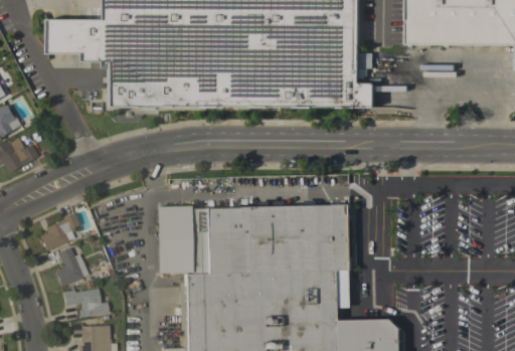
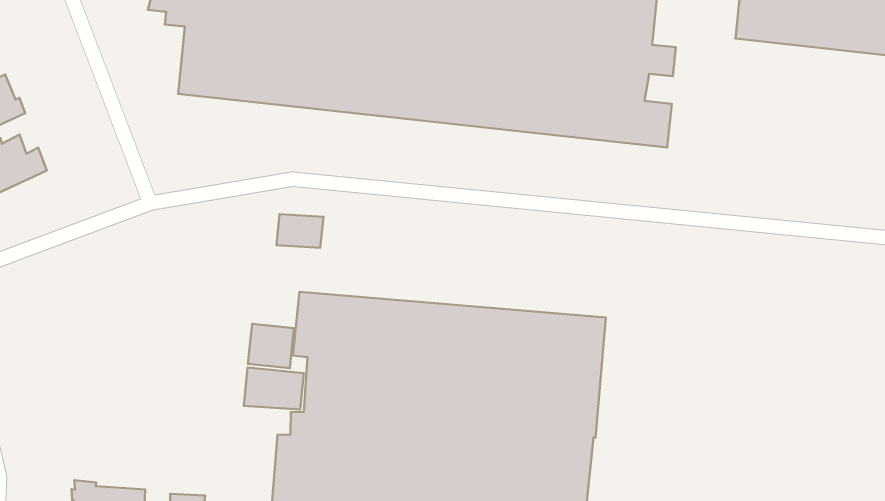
building: [157,208,181,226] -> [276,214,323,248]
building: [39,211,79,249] -> none
building: [54,246,88,286] -> none
building: [62,288,108,316] -> none

